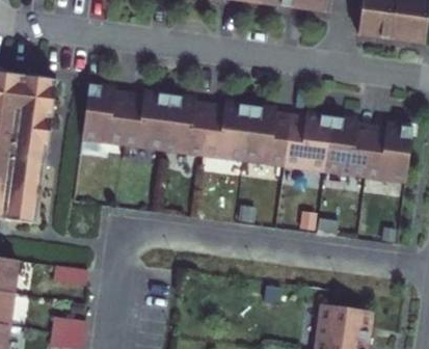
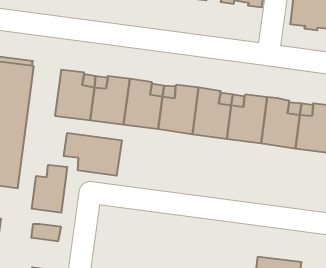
building: none -> [64,133,122,176]
building: none -> [32,165,67,213]

